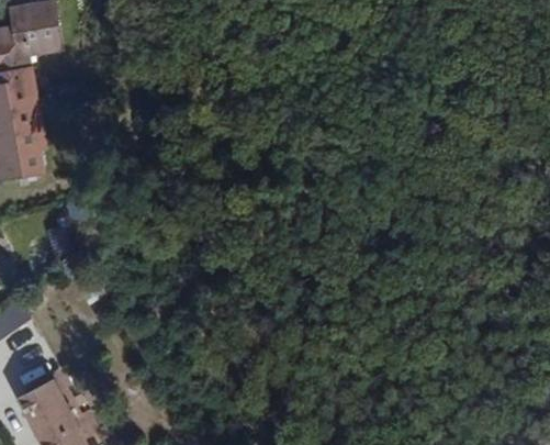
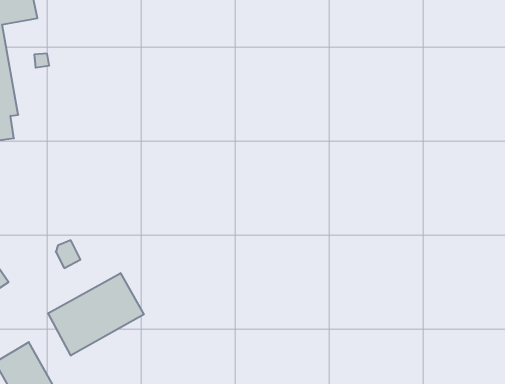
building: none -> [48,273,144,356]

